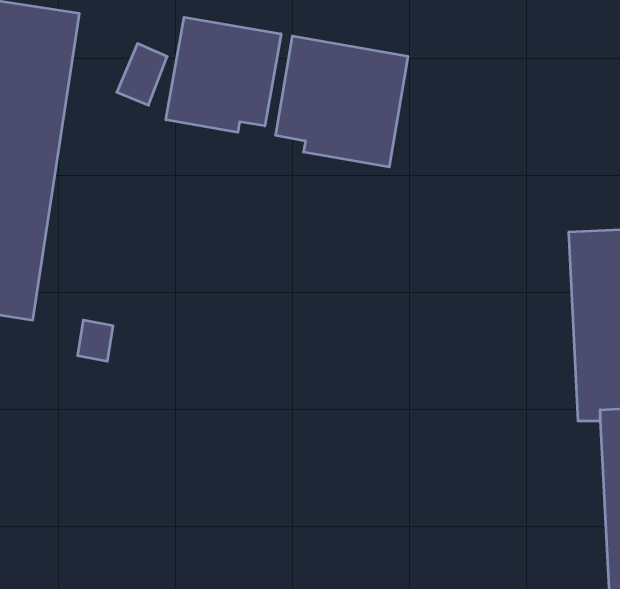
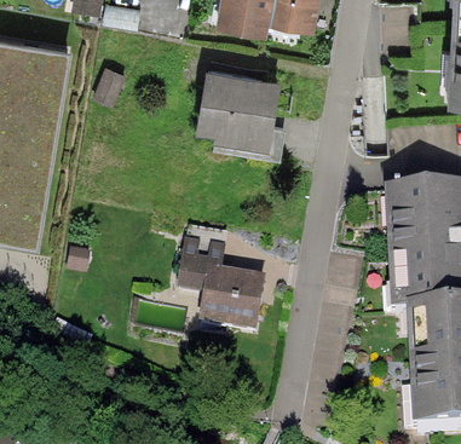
building: [166,17,281,132] -> none
building: none -> [175,232,265,339]

